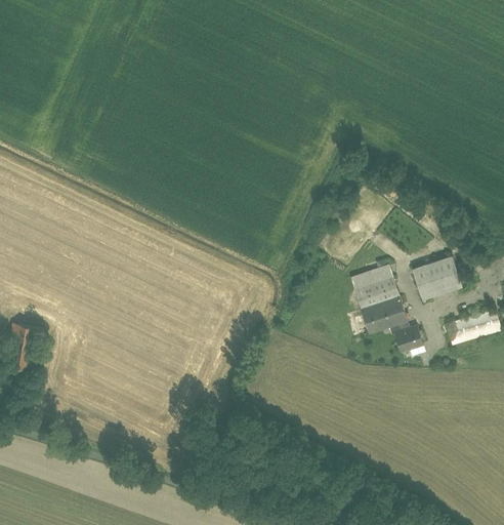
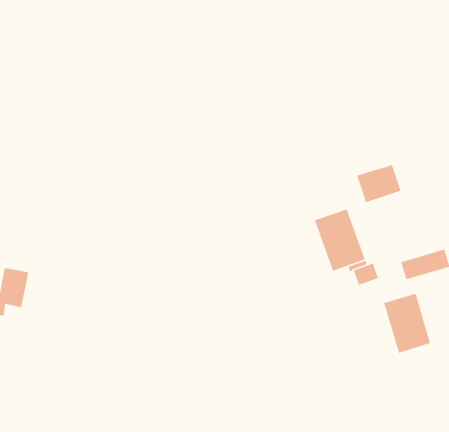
building: [411,256,461,299] -> [356,164,402,203]
building: none -> [383,293,431,354]

